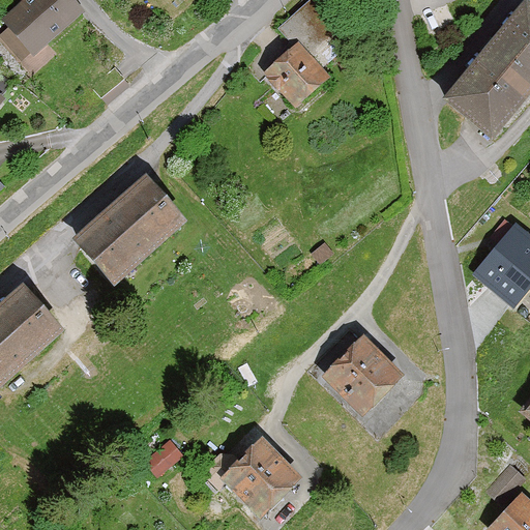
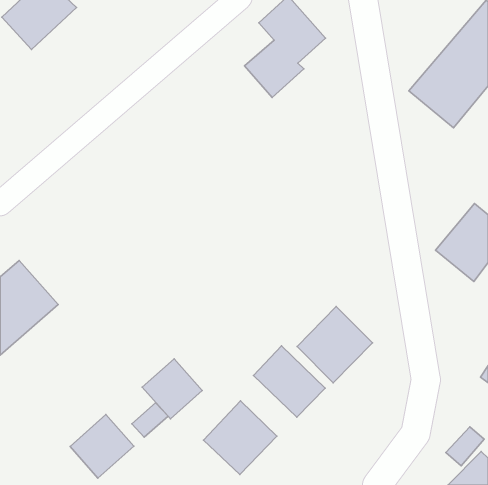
building: [75,175,186,285] -> none
building: none -> [253,346,325,417]
building: none -> [142,359,202,419]
building: none -> [70,414,134,478]

